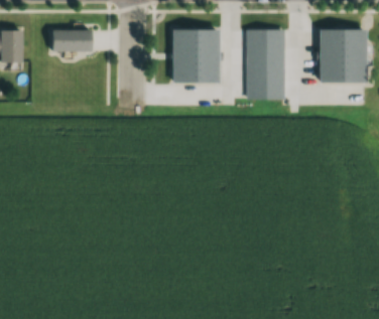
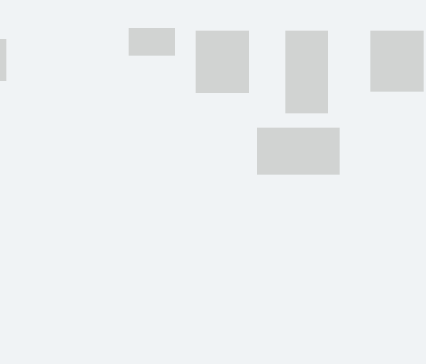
building: [43,32,84,56] -> [128,28,176,56]
building: none -> [256,127,340,176]

